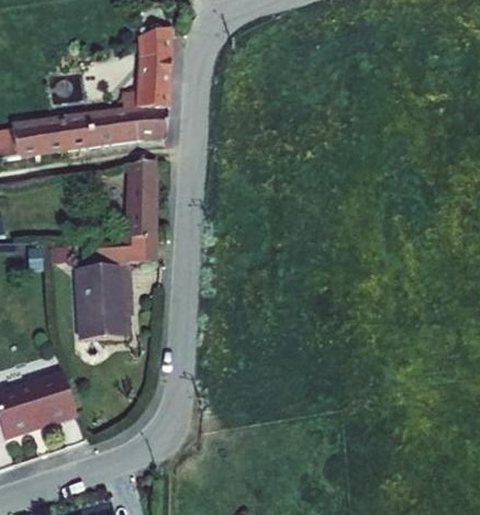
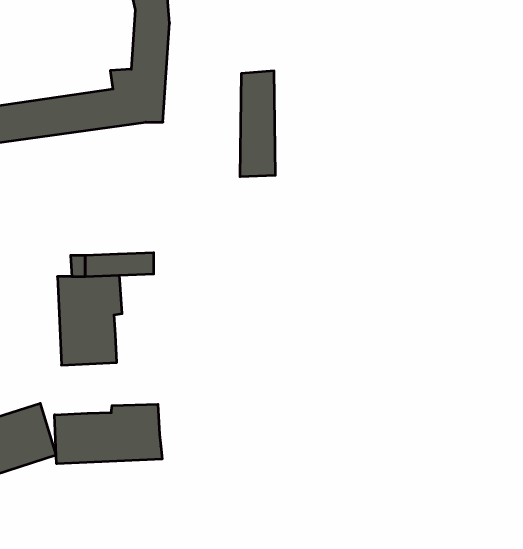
building: [127,158,157,246] -> [240,71,275,177]
building: none -> [55,404,162,464]

